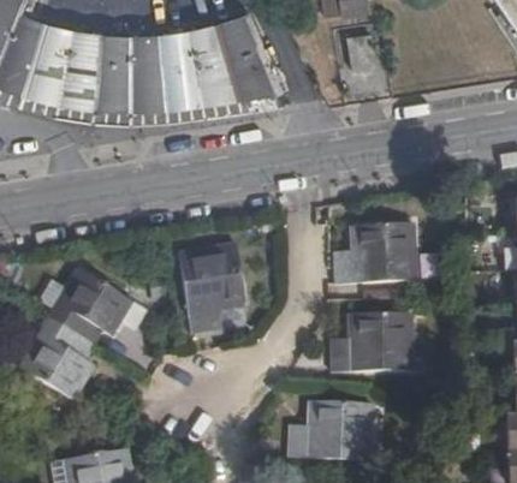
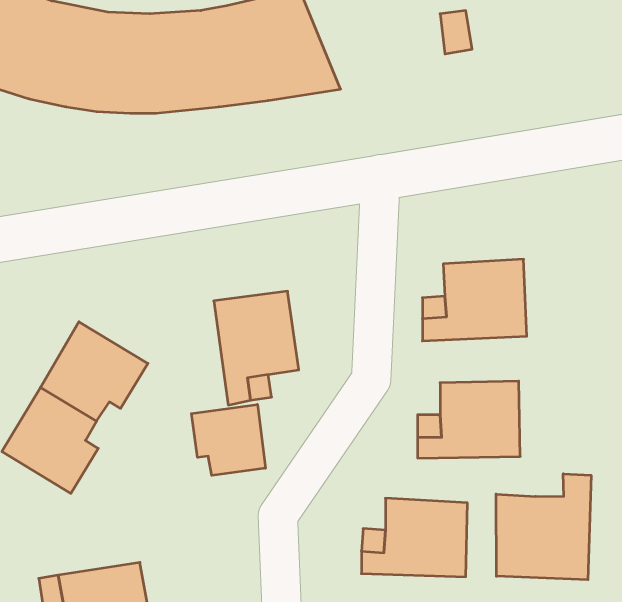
building: none -> [191,404,265,475]
building: none -> [496,474,591,580]

